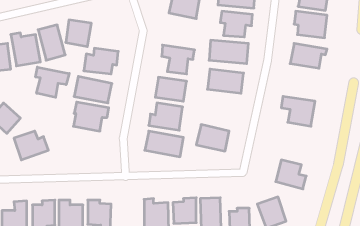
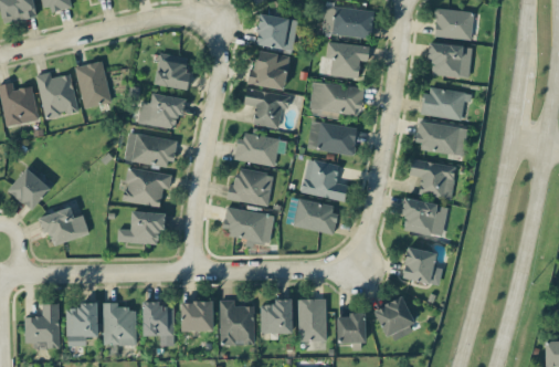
building: none -> [247,50,291,91]
building: [66,20,91,47] -> [155,53,190,90]
building: [36,67,69,97] -> none
building: none -> [414,120,467,155]
building: none -> [300,158,348,201]
building: none -> [401,199,446,235]
building: none -> [117,211,165,243]
building: none -> [181,301,212,331]

